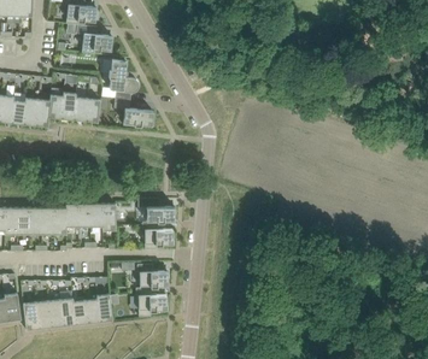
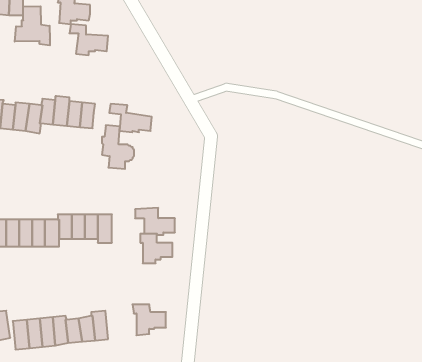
building: none -> [15,6,50,45]
building: [107,59,137,100] -> [102,125,134,169]
building: [136,263,166,287] -> none

